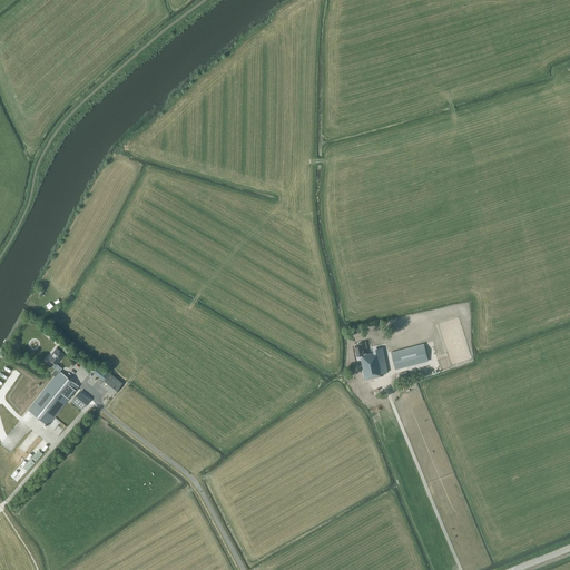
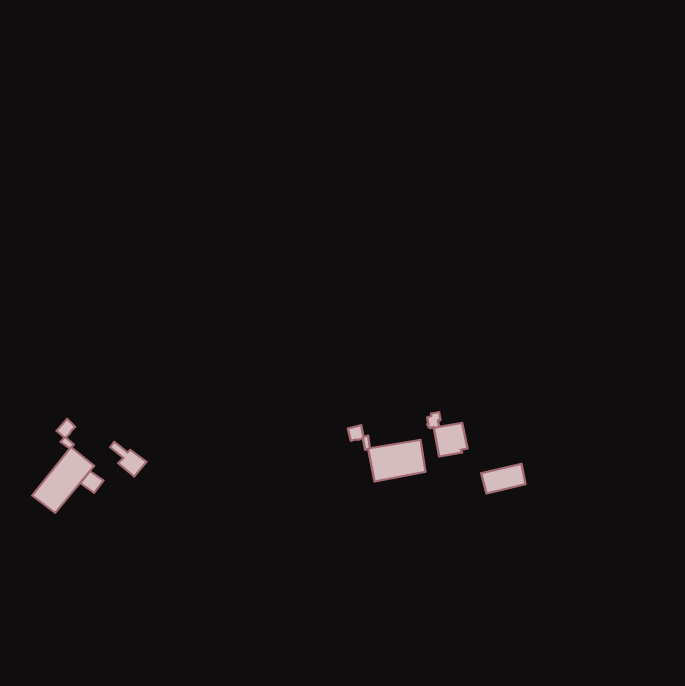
building: [391,344,428,368] -> [481,464,525,493]
building: none -> [348,425,426,482]

